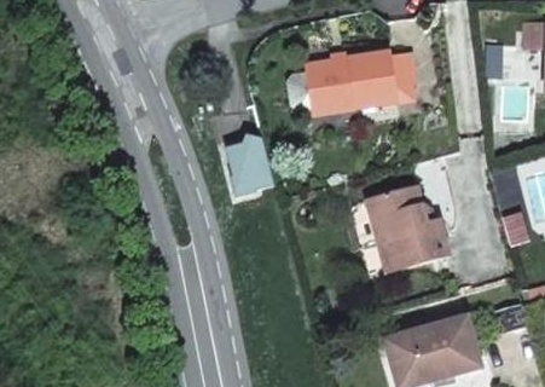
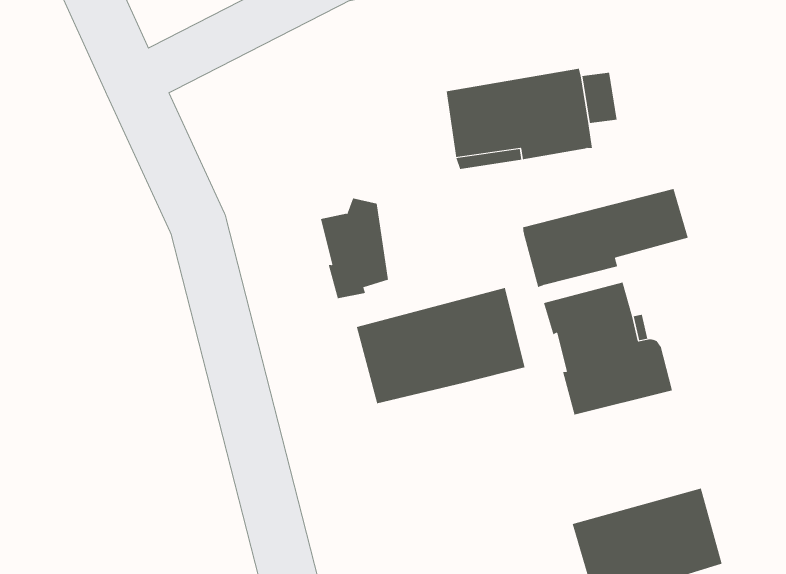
building: none -> [522,188,689,288]
building: none -> [356,287,525,404]

